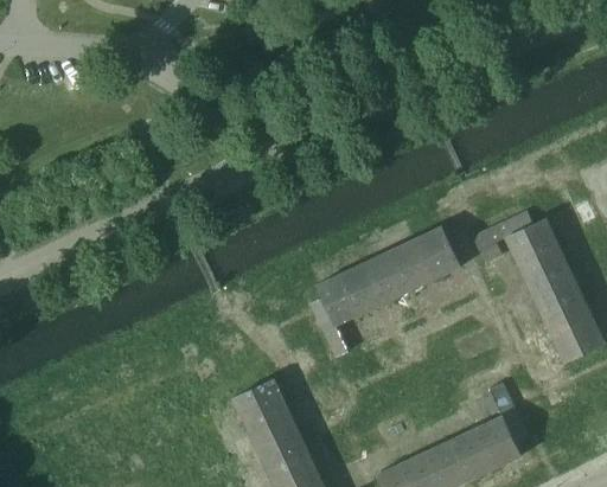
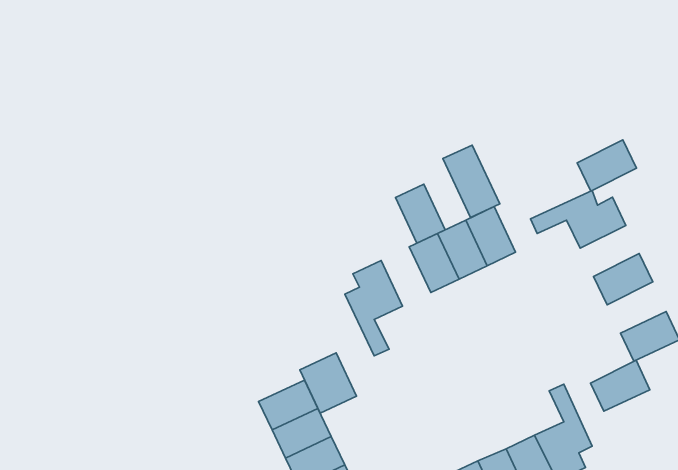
building: none -> [443,145,500,217]
building: [517,243,569,288] -> [577,140,636,191]
building: [341,262,385,314] -> [395,184,445,243]
building: [541,293,593,338] -> [591,360,650,411]
building: none -> [300,353,357,413]

